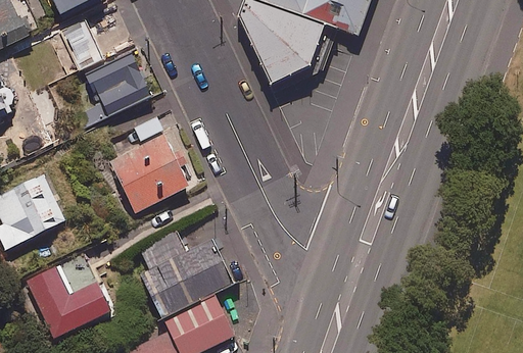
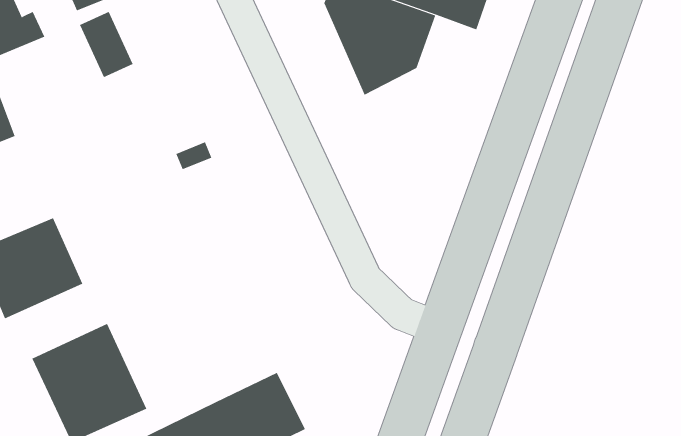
building: [79,55,150,128] -> none
building: [111,138,190,214] -> none
building: [132,226,232,313] -> none

